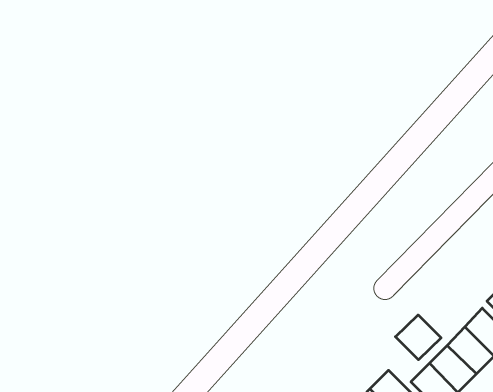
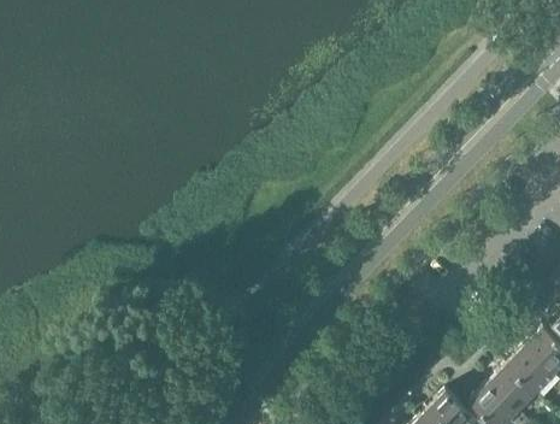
building: [395,315,441,360] -> none

